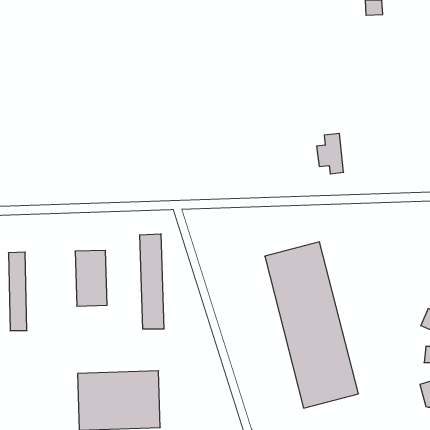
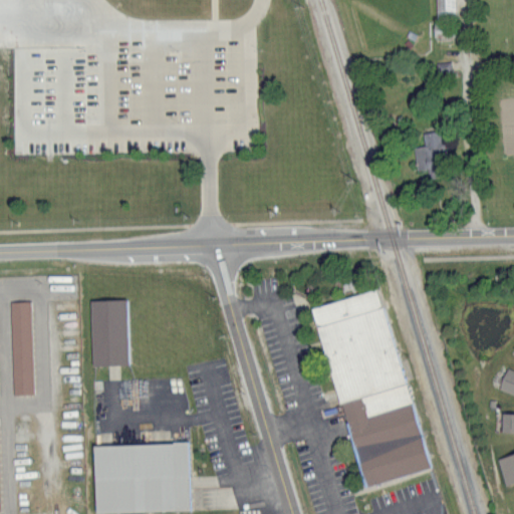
building: [317,133,344,174] -> [414,131,446,179]
building: [140,234,164,329] -> none

